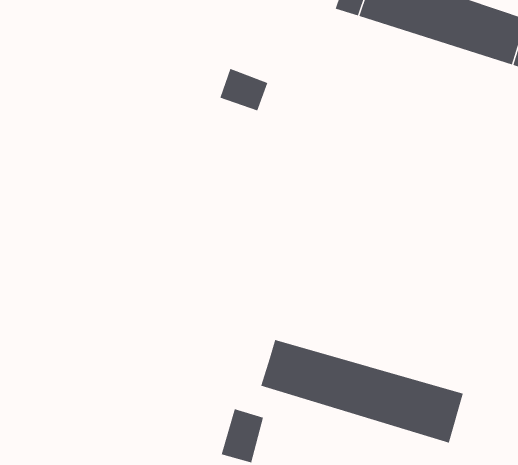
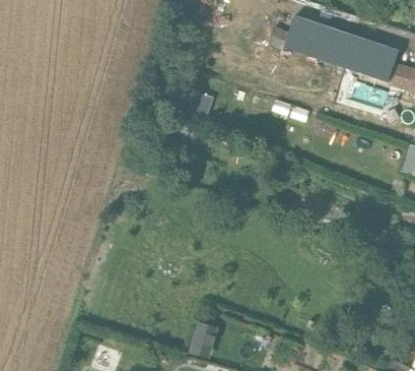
building: [261,339,464,443] -> none

